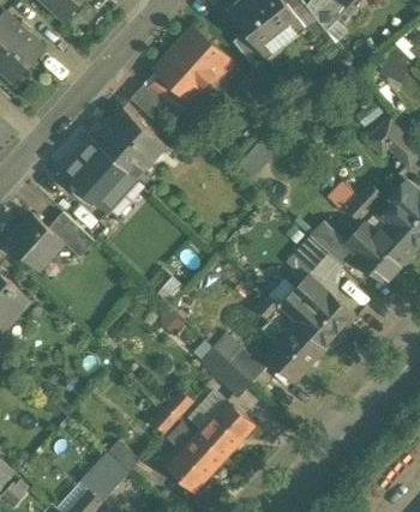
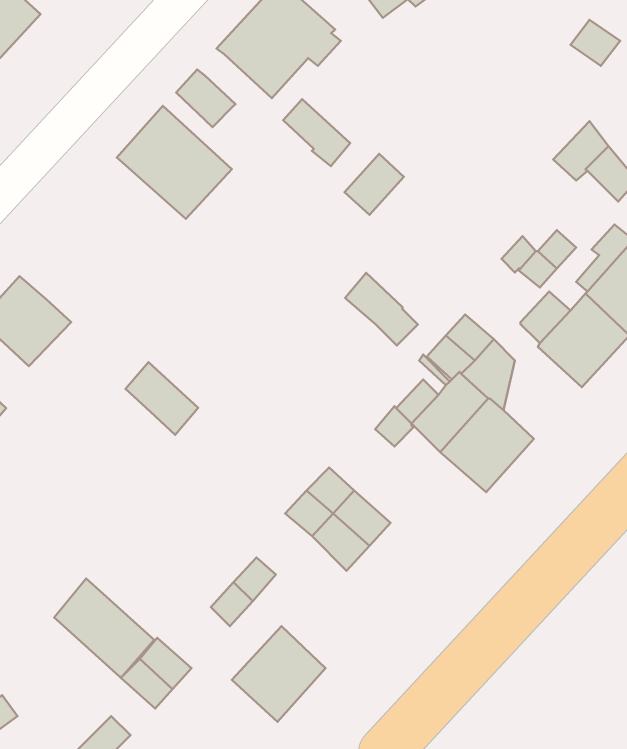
building: [149,74,191,116] -> [283,99,350,166]
building: [65,139,137,210] -> none
building: [49,211,95,257] -> [126,362,198,435]
building: [311,221,356,266] -> [345,273,418,346]
building: [266,324,325,383] -> none
building: [197,399,256,459] -> none
building: none -> [54,578,154,677]

